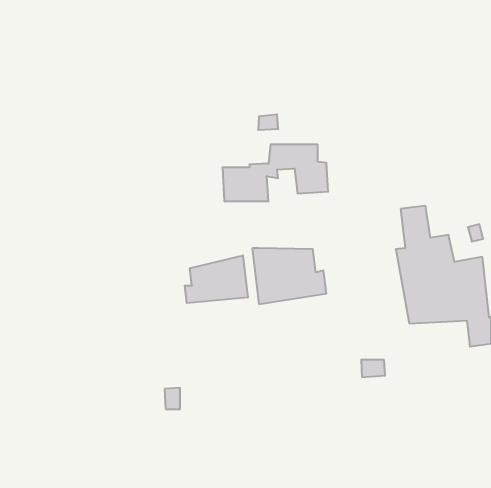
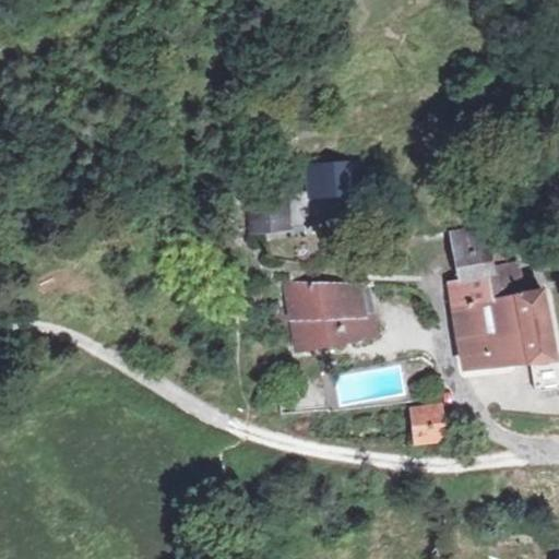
building: [185,255,248,303] -> none

